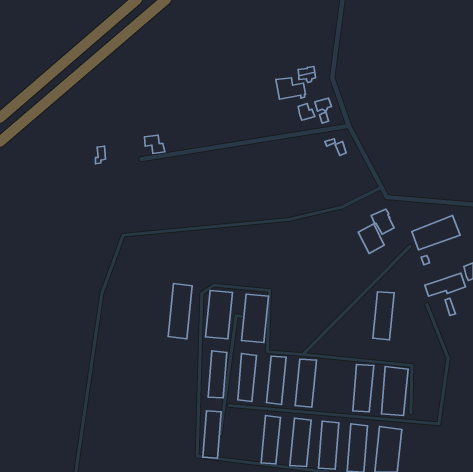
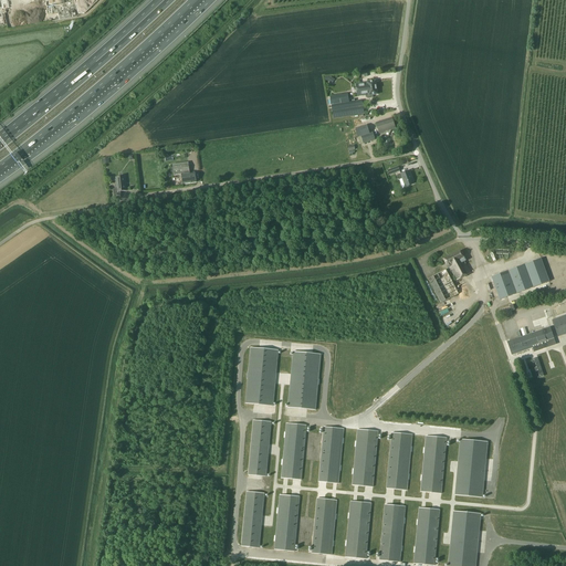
building: [168,283,192,339] -> none
building: [373,292,394,340] -> [387,432,412,490]
building: none -> [277,493,300,551]

